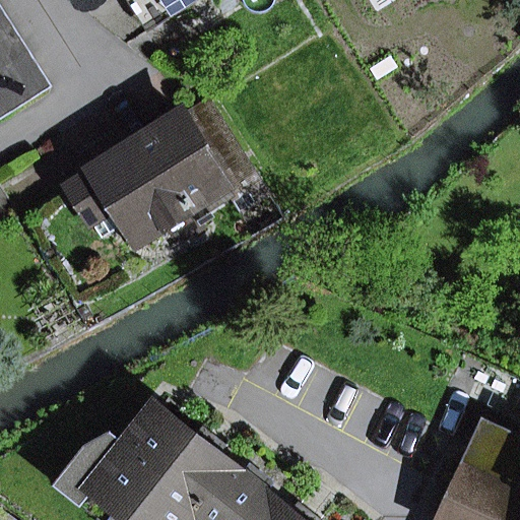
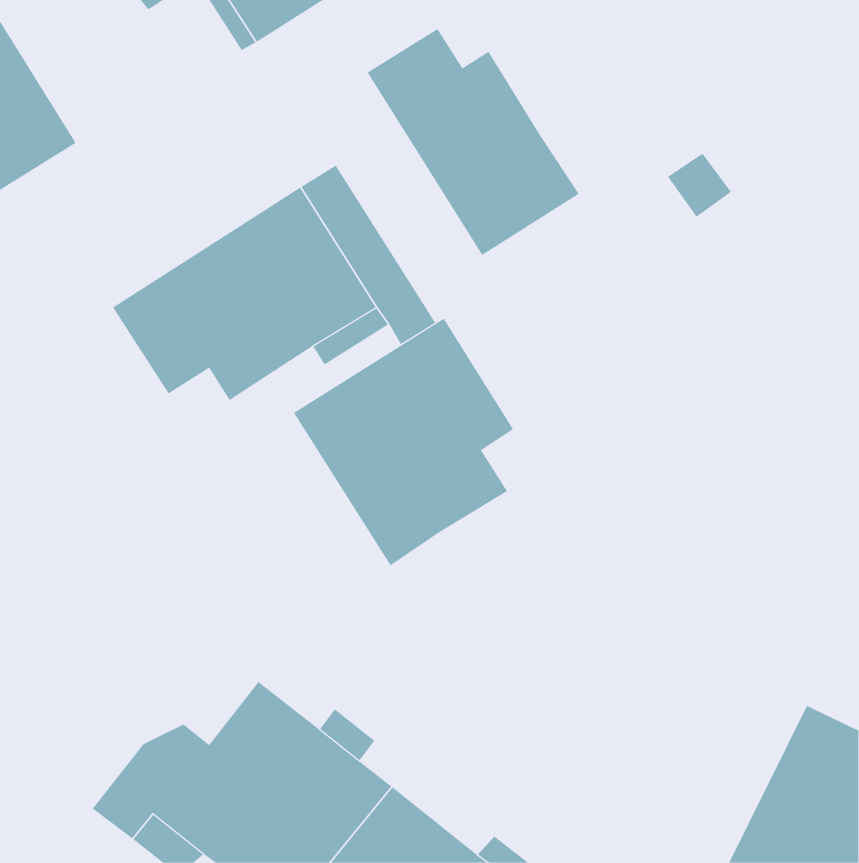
building: none -> [367,28,579,256]
building: none -> [293,318,514,566]

